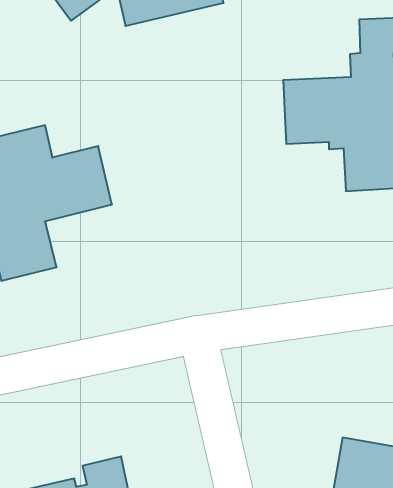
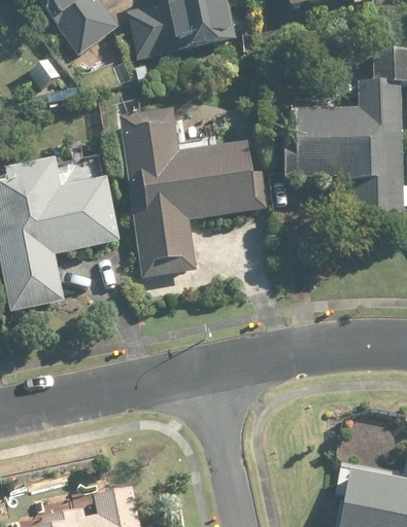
building: none -> [117,113,260,278]

